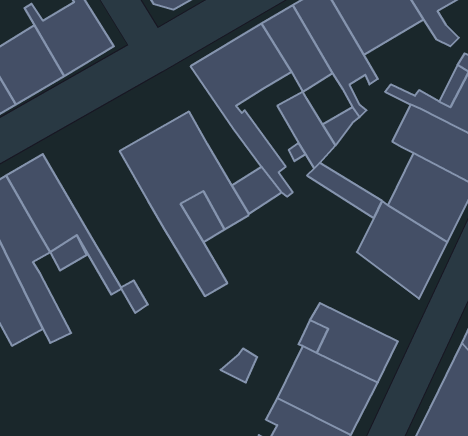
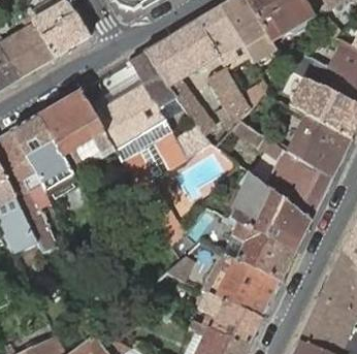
building: none -> [129,51,175,107]
building: none -> [37,89,113,176]
building: none -> [229,172,311,251]

